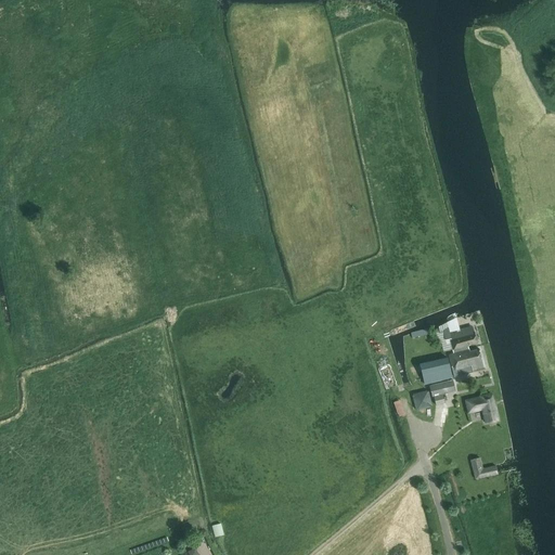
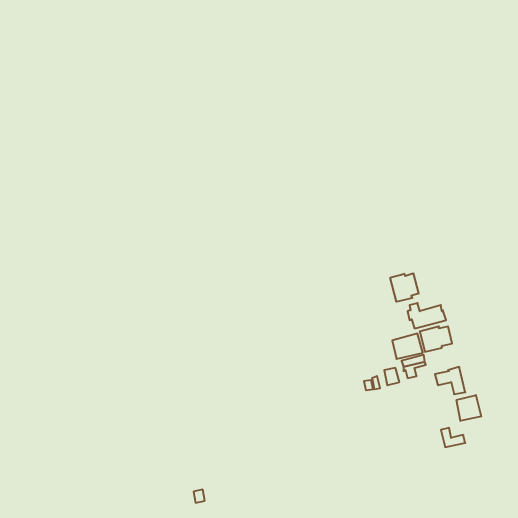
building: none -> [390,273,419,302]
building: none -> [457,395,481,421]

